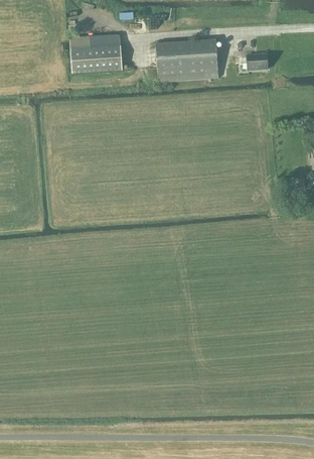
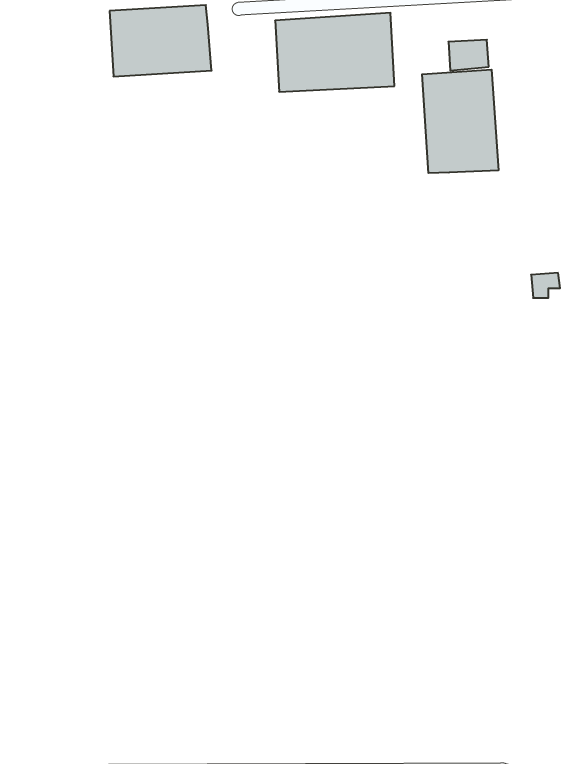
building: none -> [422,70,498,173]

